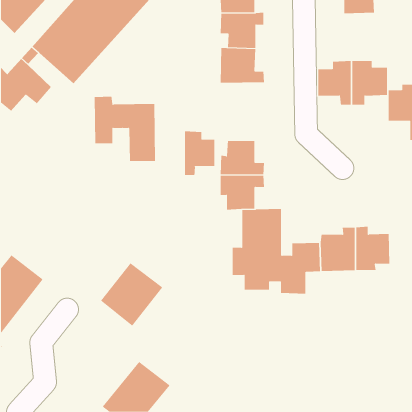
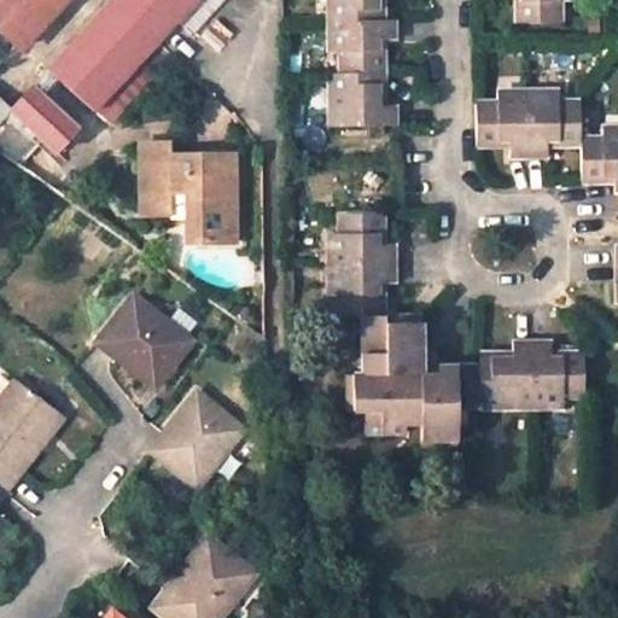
building: [185,131,215,176] -> none
building: none -> [98,297,193,387]

